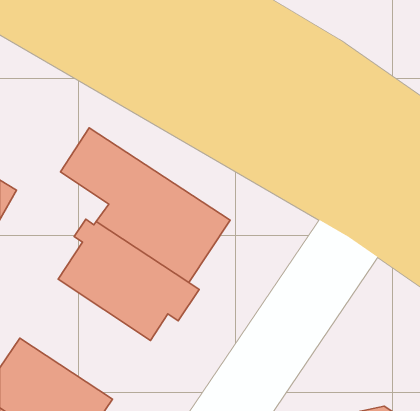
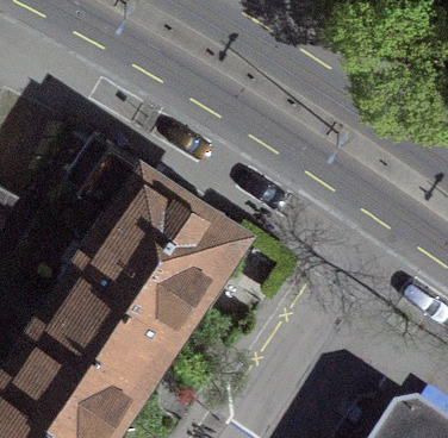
building: none -> [31,290,166,414]

